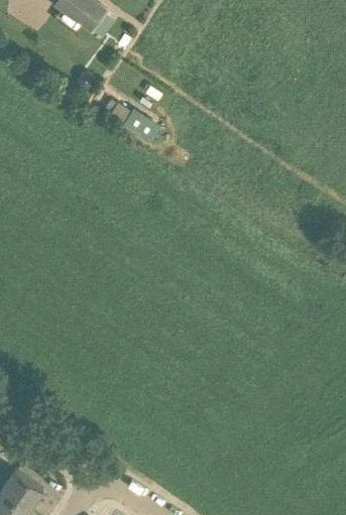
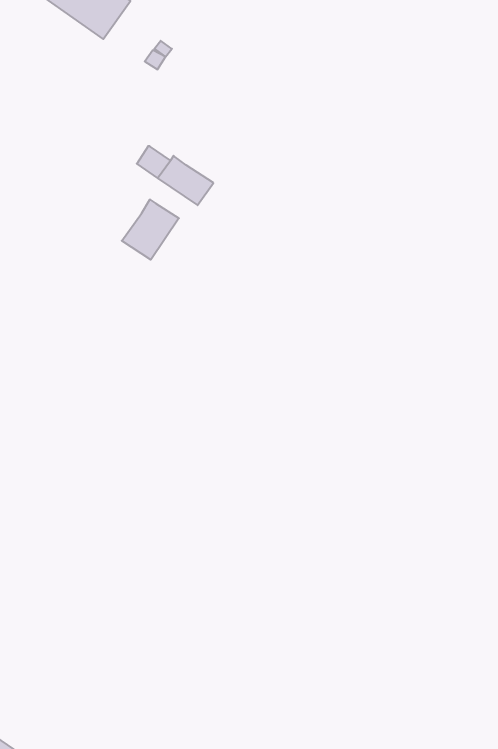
building: none -> [122,199,179,260]

